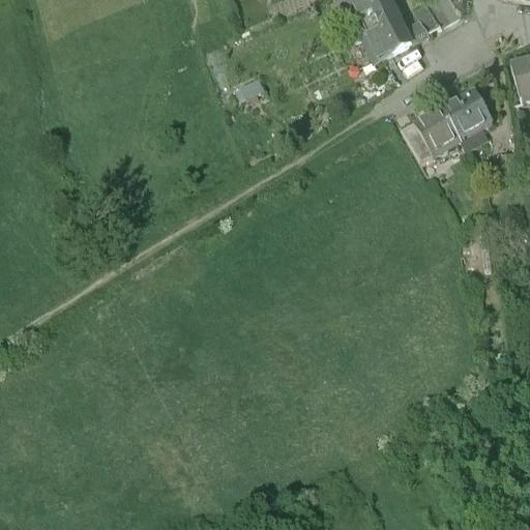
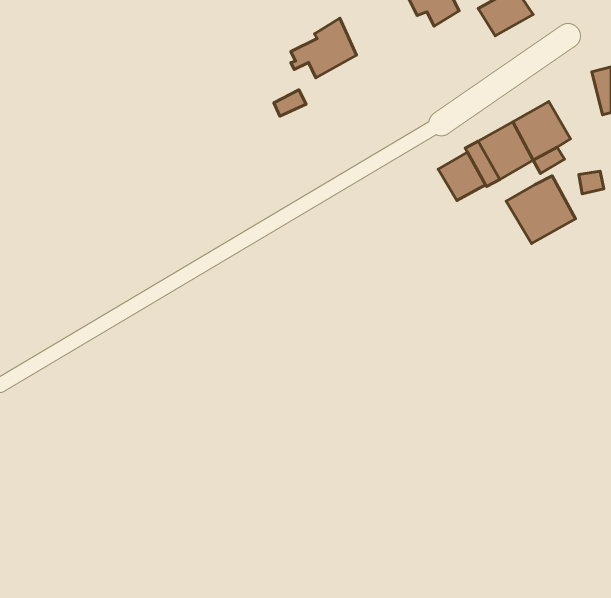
building: [355,9,412,61] -> [291,18,356,78]
building: none -> [438,152,486,201]
building: none -> [506,176,576,244]

